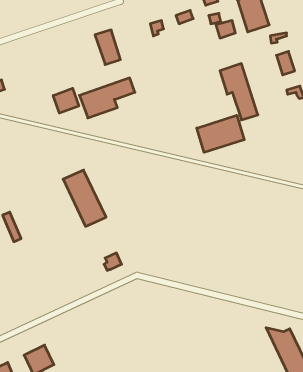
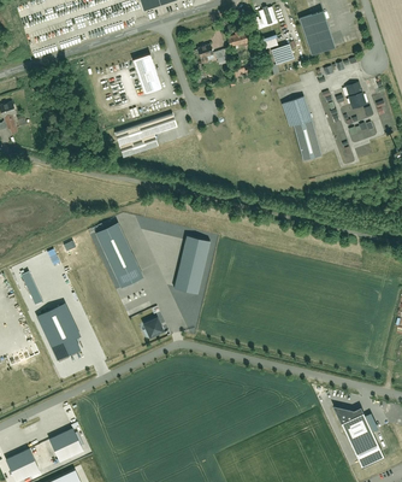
building: [53,88,79,113] -> none
building: [197,115,244,152] -> none
building: none -> [172,236,211,296]
building: none -> [37,306,81,360]

